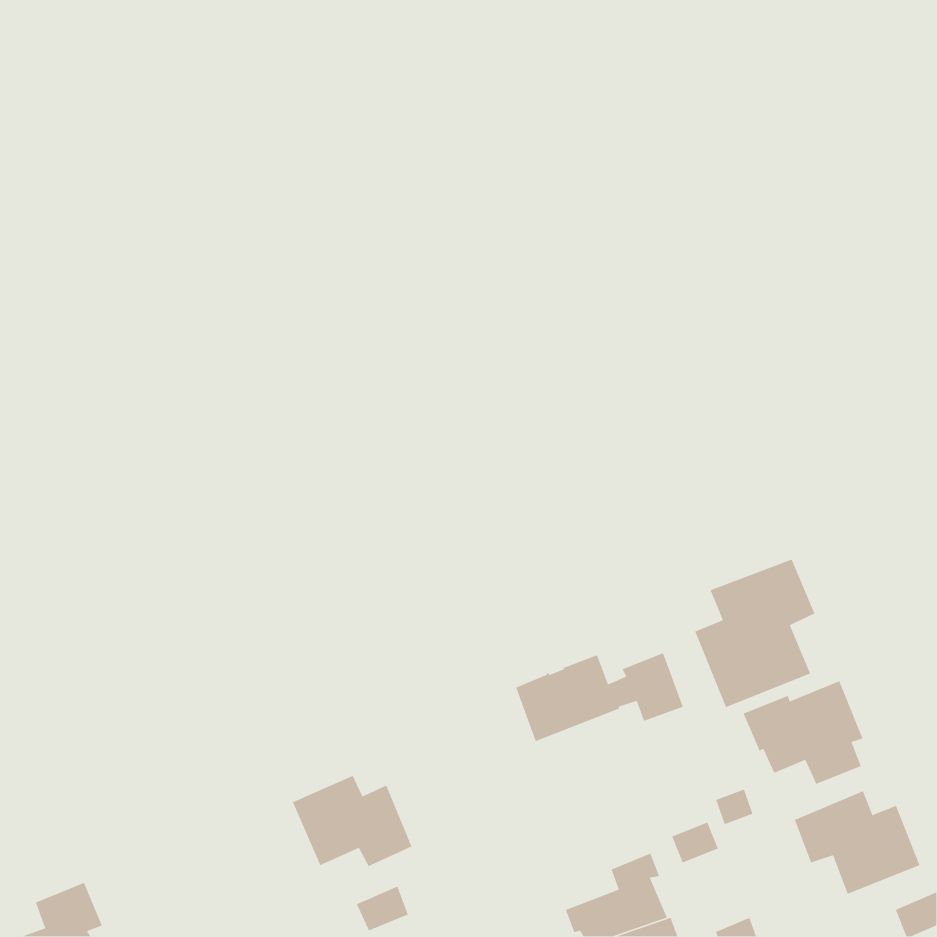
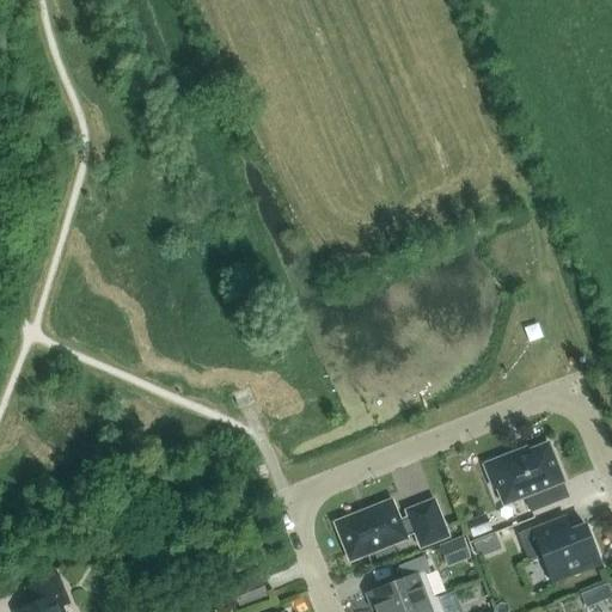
building: [694,559,815,708] -> none
building: [515,652,684,742] -> [337,501,447,559]
building: [292,775,412,867] -> none

